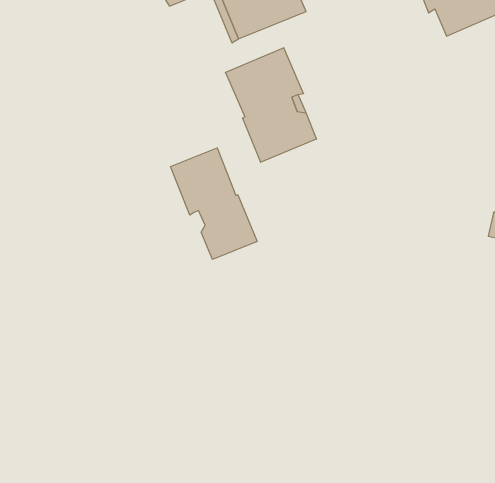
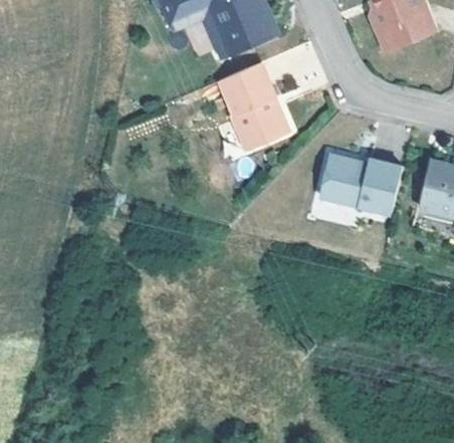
building: [170,148,257,259] -> none
building: none -> [321,155,404,213]

